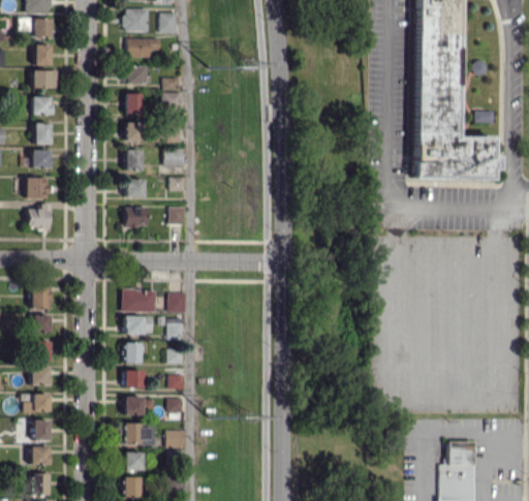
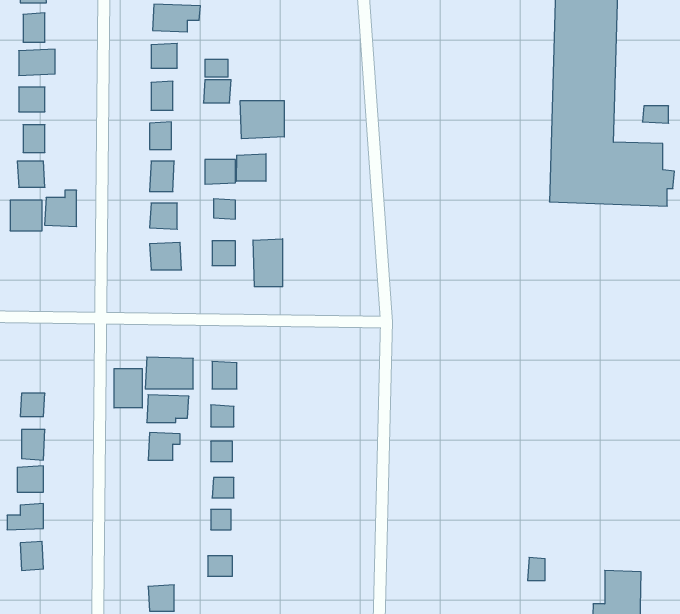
building: none -> [240,101,284,139]
building: none -> [237,154,266,181]
building: [28,203,51,229] -> [45,190,77,227]
building: none -> [253,239,283,287]
building: [31,286,53,310] -> none
building: none -> [114,369,142,408]
building: [124,370,143,392] -> none
building: [124,398,154,414] -> none
building: [124,424,155,445] -> none
building: [30,447,50,467] -> none

